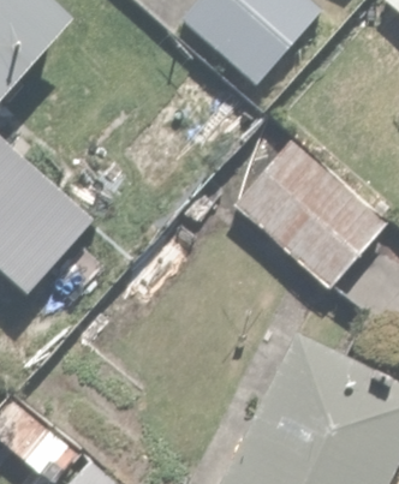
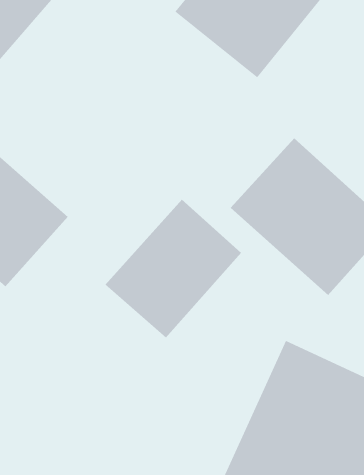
building: none -> [105,199,242,339]

